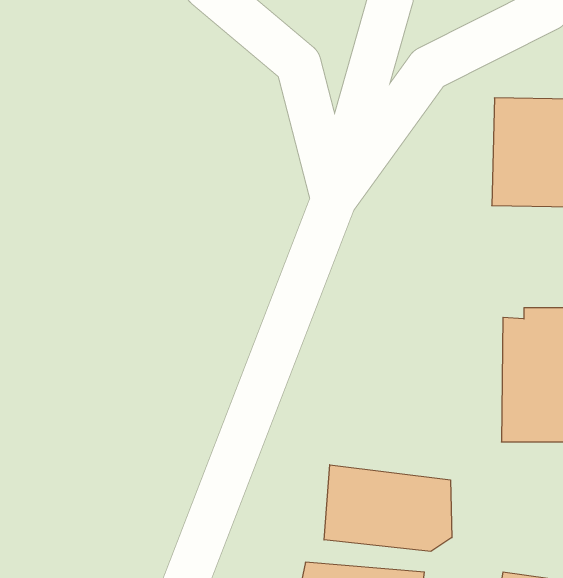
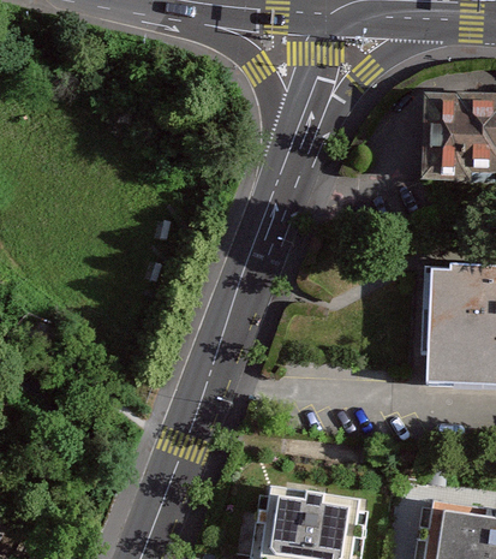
building: [324,465,452,551] -> none

